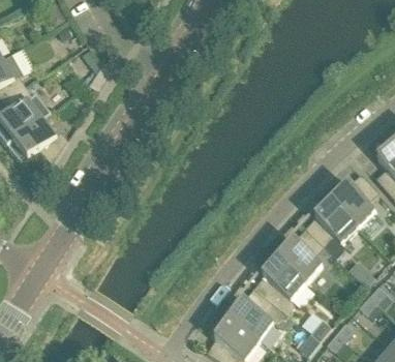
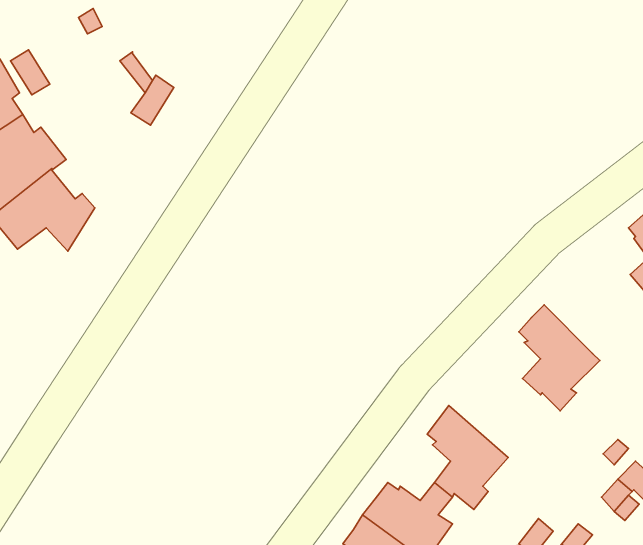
building: [325,173,377,227] -> none
building: [270,236,323,282] -> none

